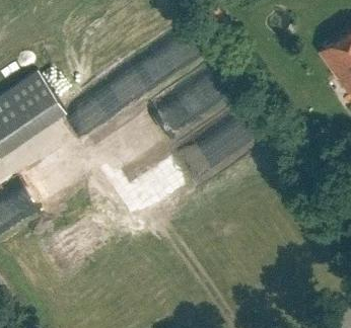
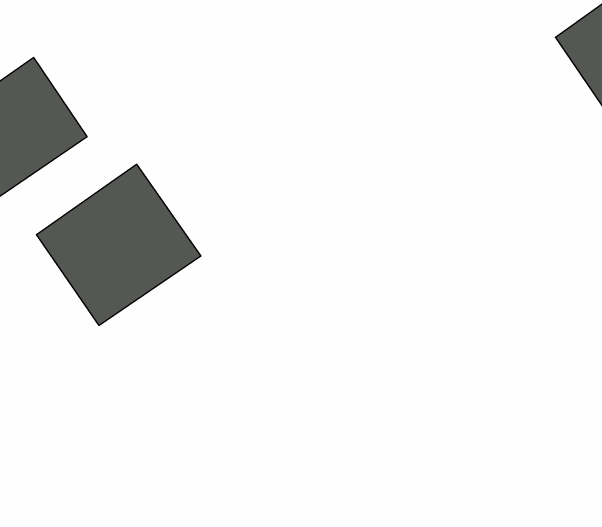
building: none -> [37,164,201,325]

